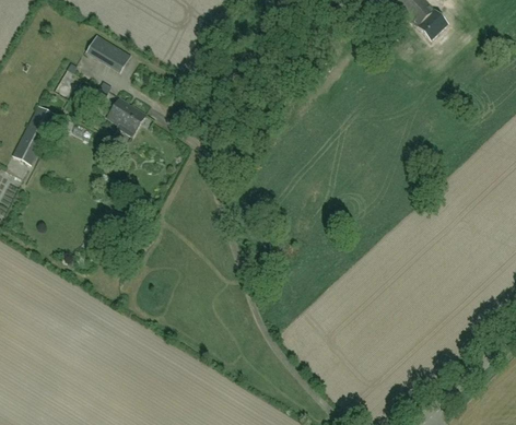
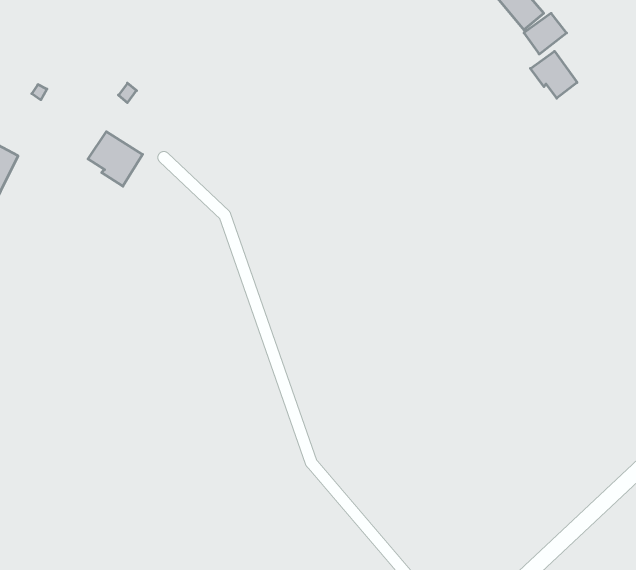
building: [86,35,129,71] -> none
building: none -> [530,51,577,98]

